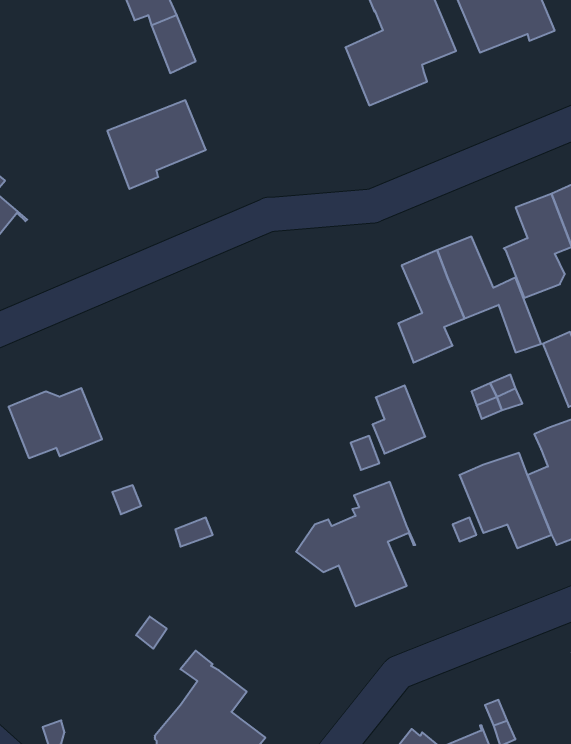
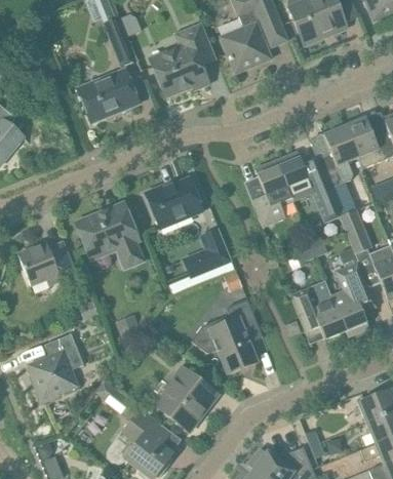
building: none -> [151,22,215,96]
building: none -> [145,178,202,227]
building: none -> [75,206,143,268]
building: [372,385,425,454] -> [199,229,231,270]
building: none -> [28,332,83,402]
building: none -> [153,366,218,431]

